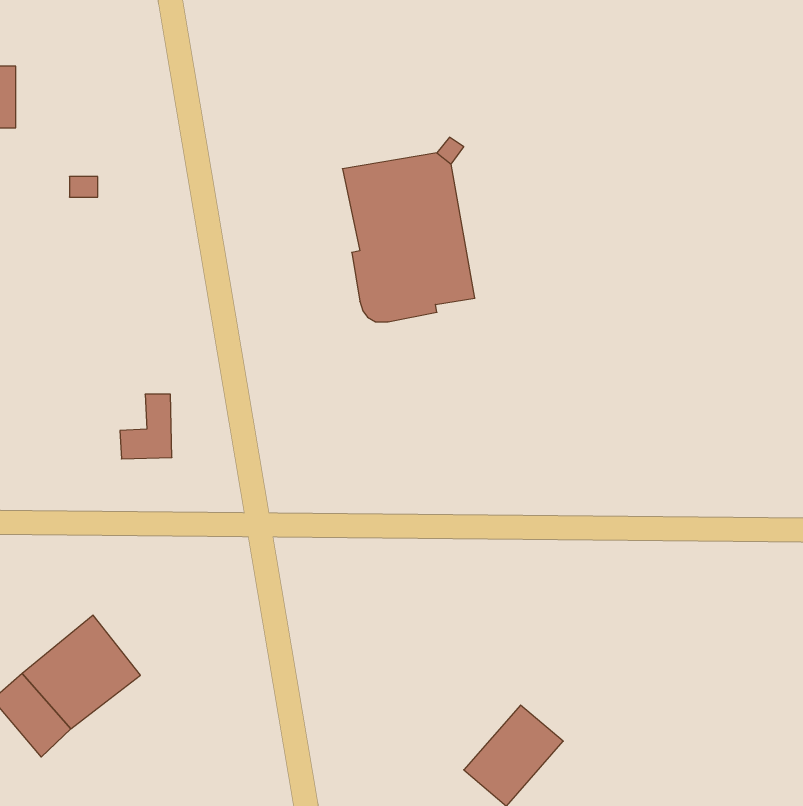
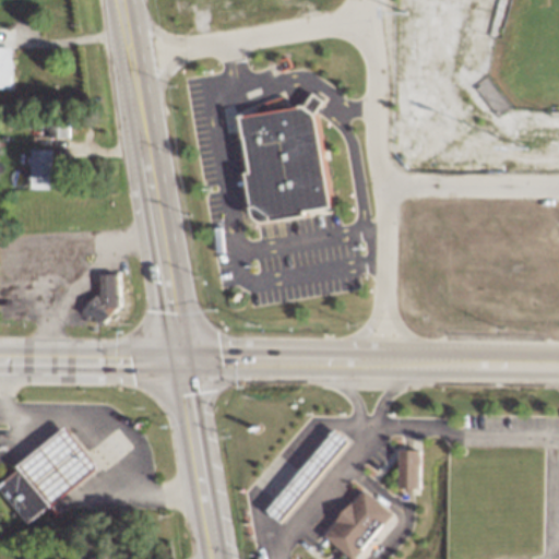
building: none -> [28,147,50,188]
building: none -> [265,427,349,521]
building: none -> [396,449,416,486]

